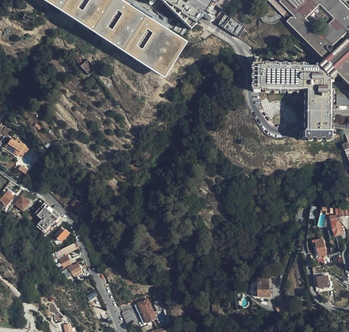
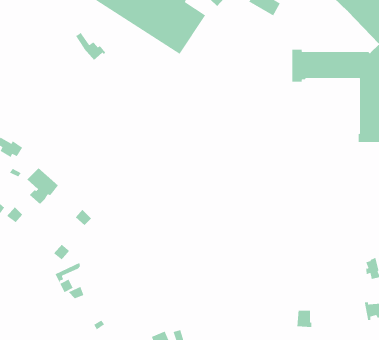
building: [34,203,61,234] -> [26,167,59,205]

